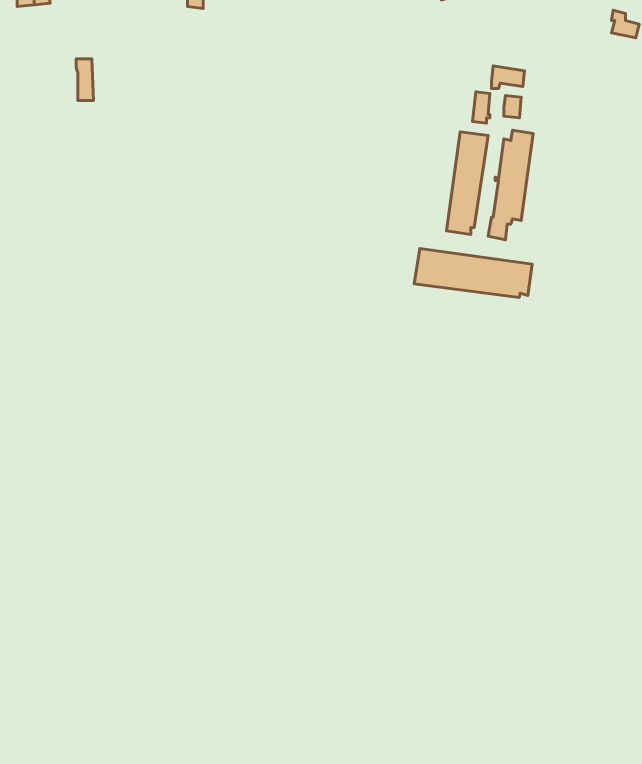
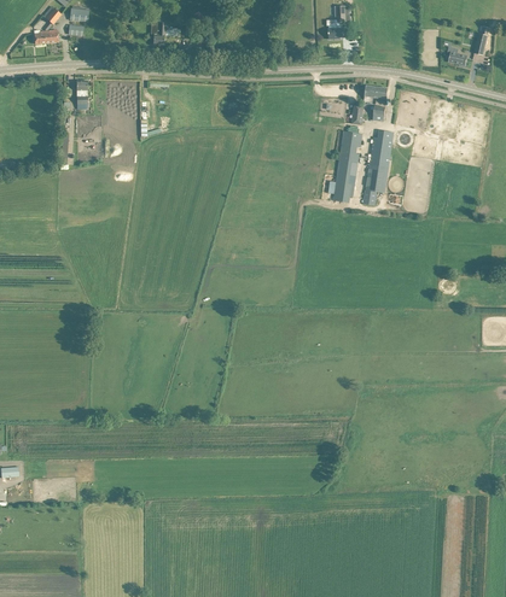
building: [414,248,532,297] -> none

